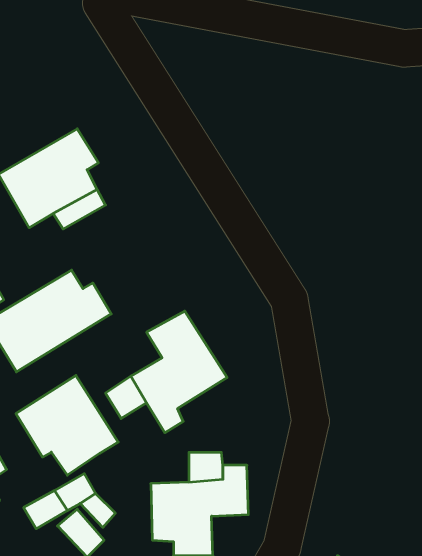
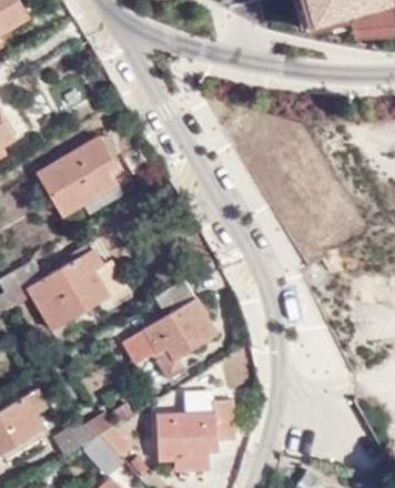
building: [16,375,118,475] -> none

